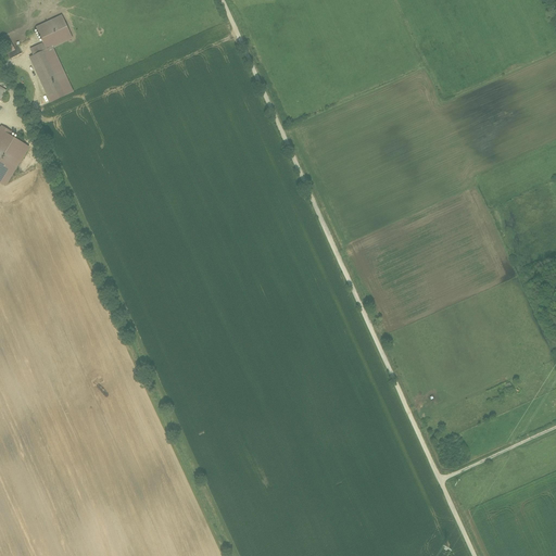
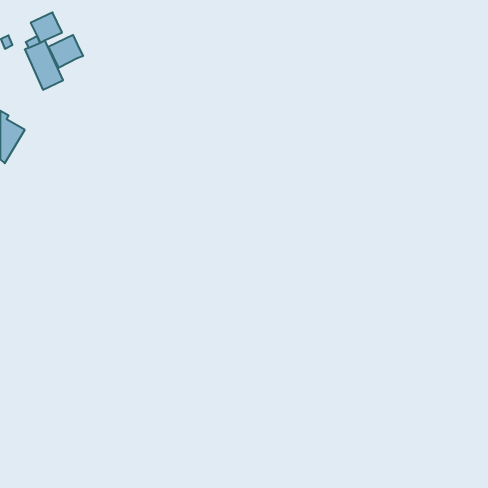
building: none -> [49,35,83,68]

